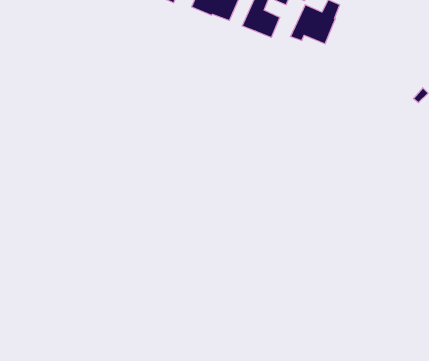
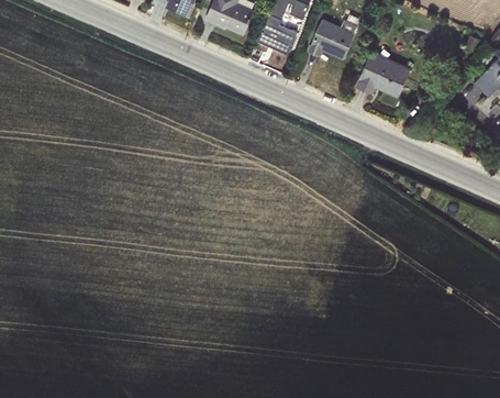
building: none -> [355,51,411,97]

